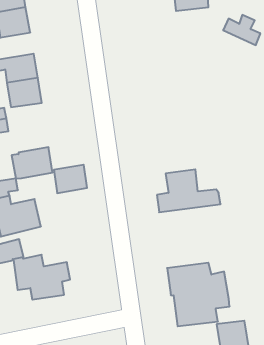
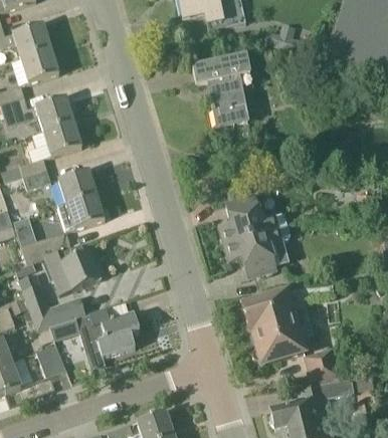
building: none -> [192,51,253,128]
building: [54,165,87,193] -> [58,169,96,203]
building: none -> [224,227,290,278]

